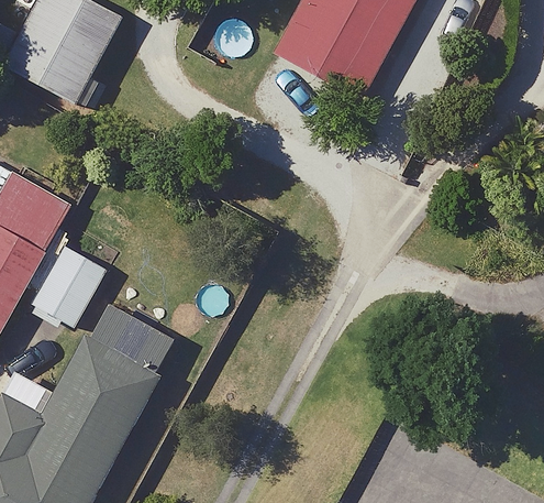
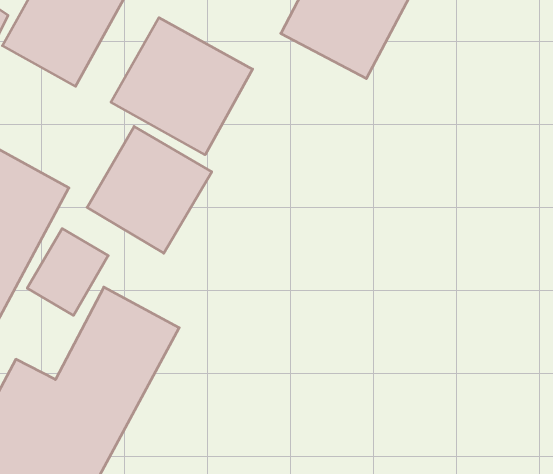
building: none -> [111,18,253,155]
building: none -> [87,126,212,253]

